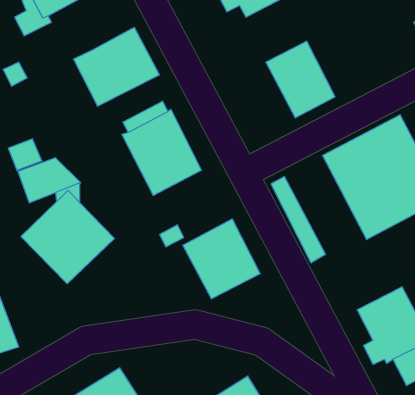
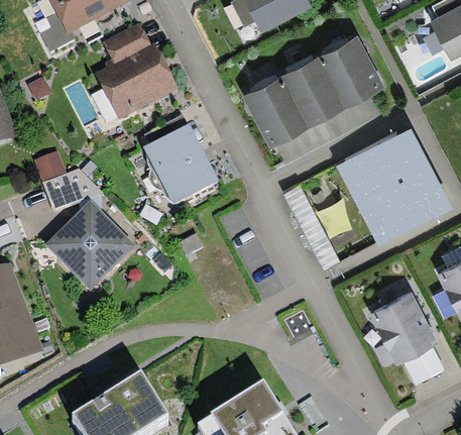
building: none -> [103,22,152,65]
building: none -> [320,36,386,110]
building: none -> [242,77,309,150]
building: [183,219,260,299] -> none

